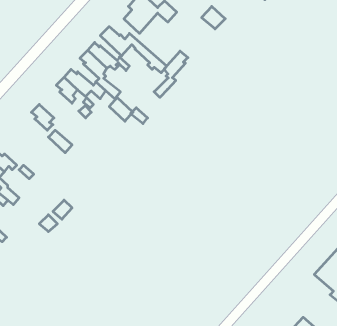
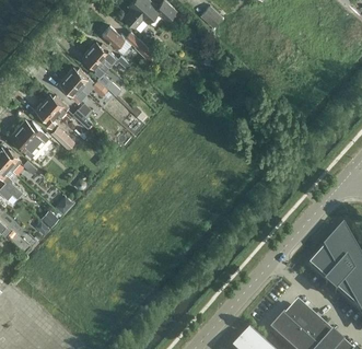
building: [154,51,188,97] -> none
building: none -> [43,95,93,129]
building: none -> [12,121,49,159]

